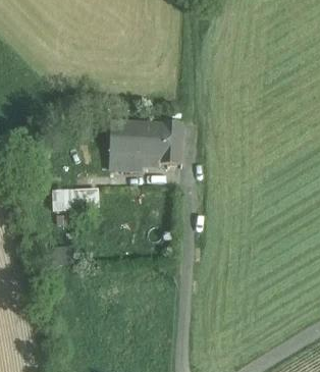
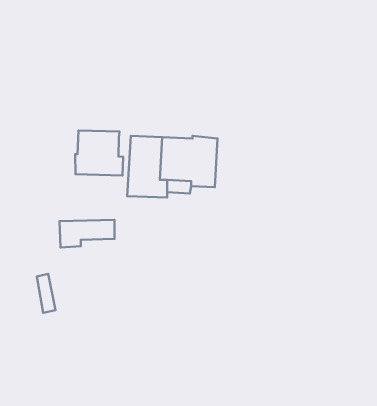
building: none -> [75,130,123,176]

